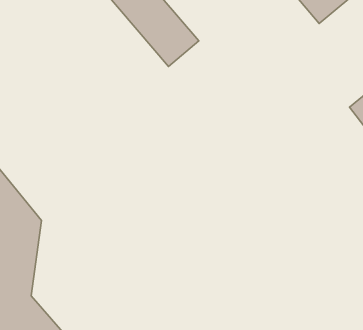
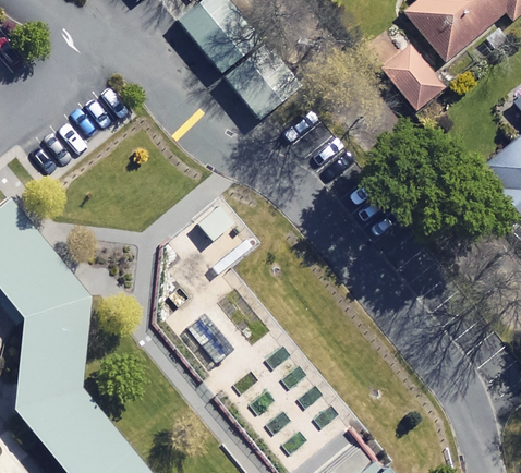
building: none -> [384,41,446,107]

